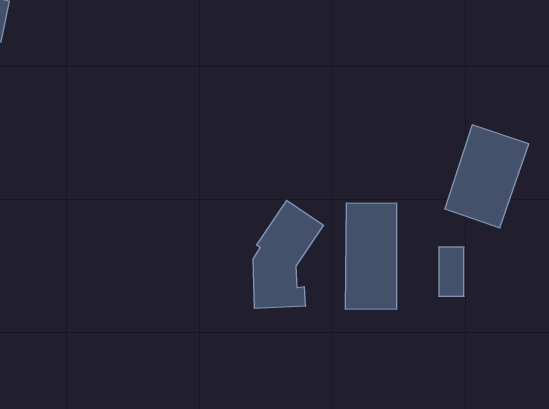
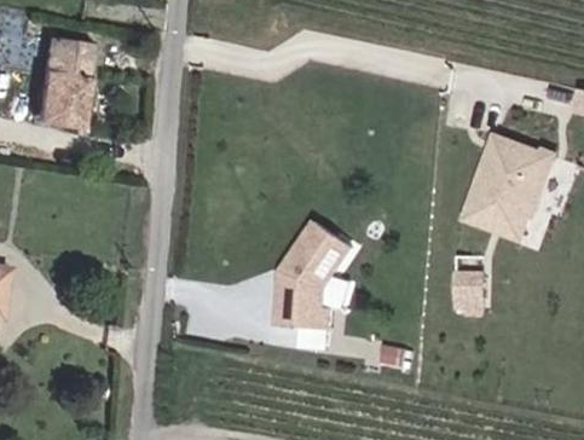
building: none -> [33,35,83,118]
building: [345,203,397,309] -> none

